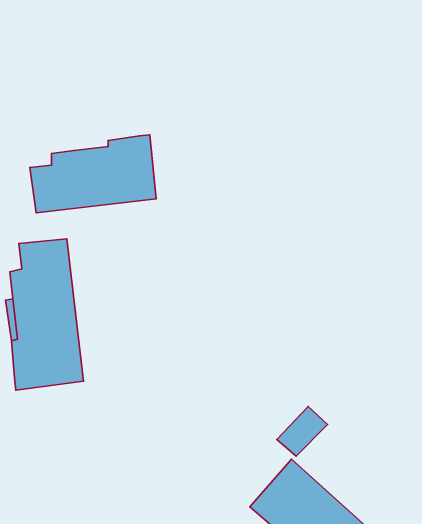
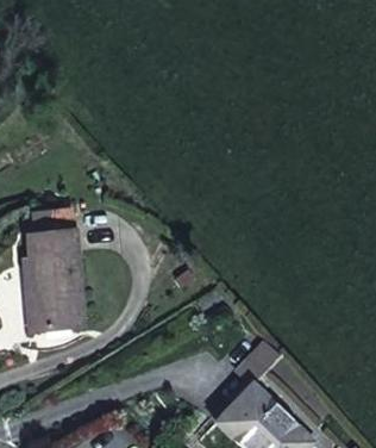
building: [30,135,156,213] -> none

